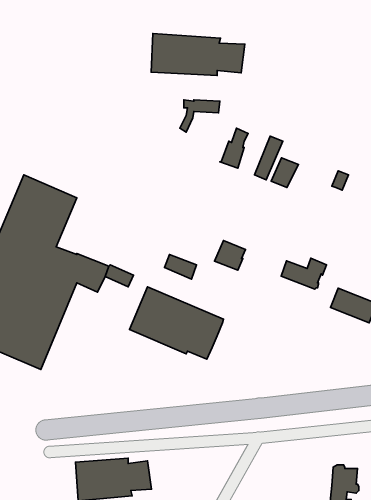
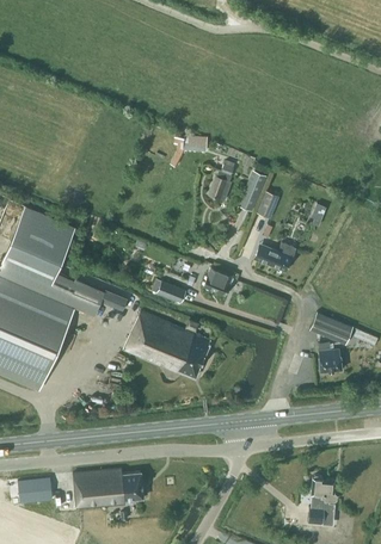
building: [151,33,245,76] -> none
building: [281,258,326,289] -> [254,242,296,271]
building: none -> [319,342,343,372]
building: none -> [18,478,53,502]

